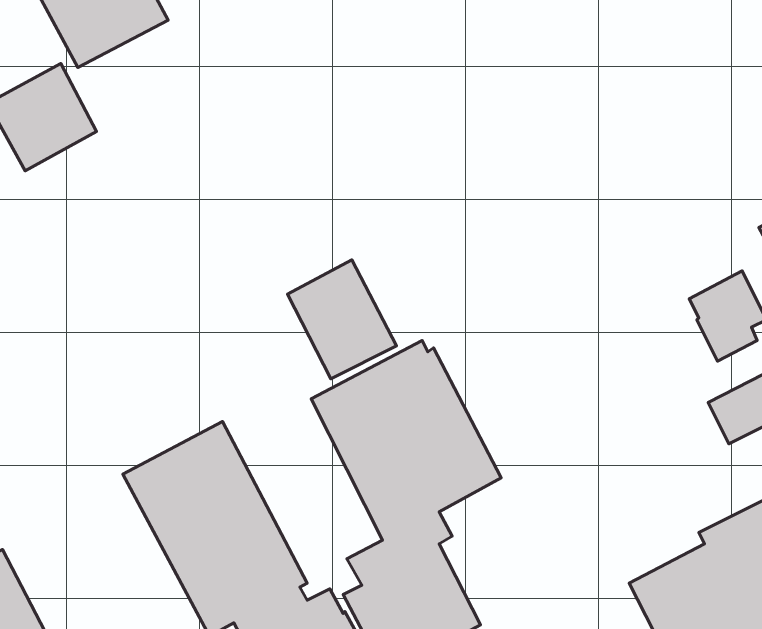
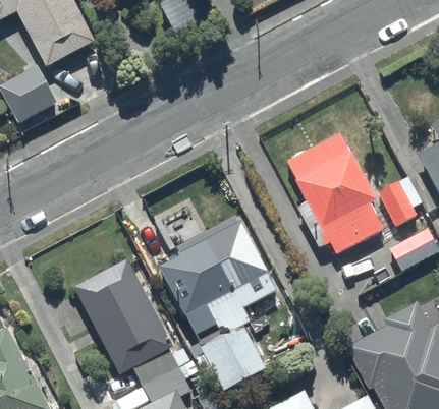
building: none -> [287,132,384,255]
building: [287,260,397,379] -> none

